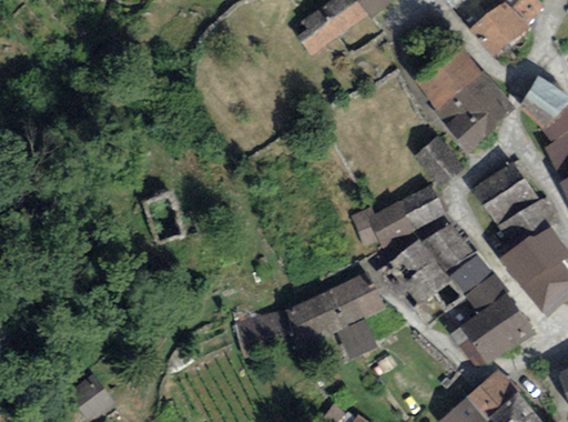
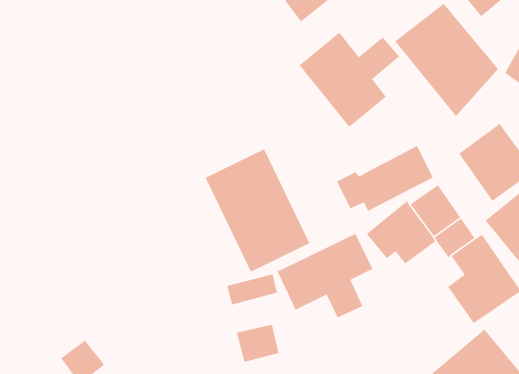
building: none -> [299,31,400,128]
building: [415,137,465,188] -> none
building: none -> [204,148,311,273]
building: none -> [236,324,280,363]

